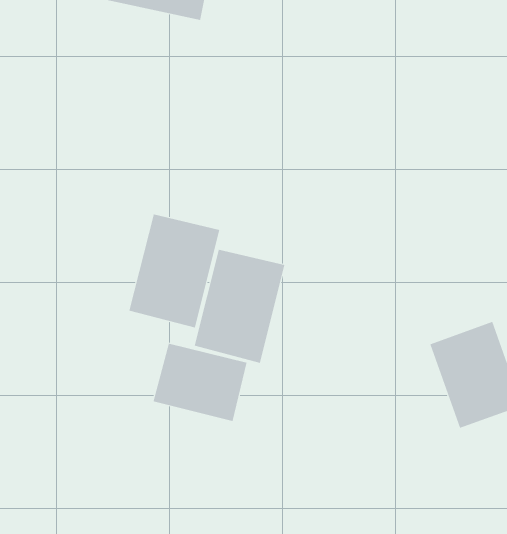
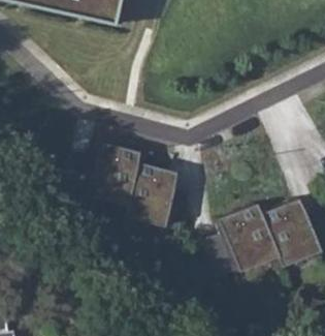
building: none -> [220,205,277,269]
building: [153,343,247,422] -> none

